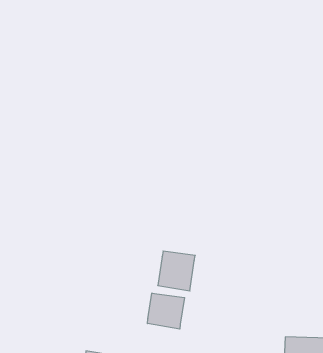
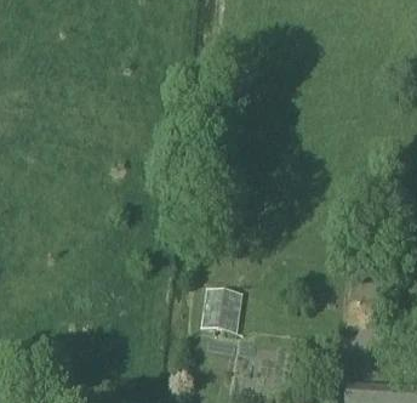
building: [147,293,185,329] -> none

